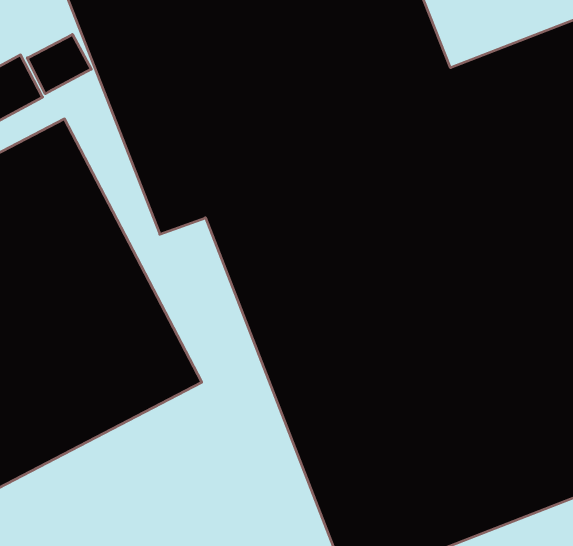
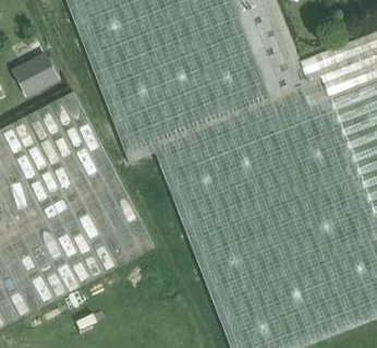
building: [27,34,91,94] -> none

